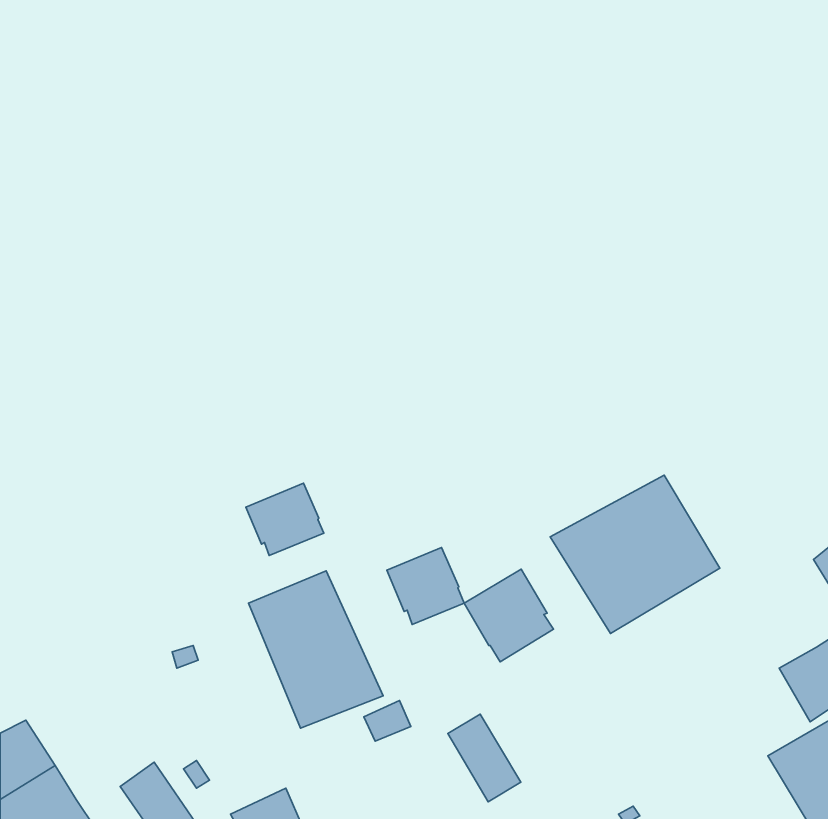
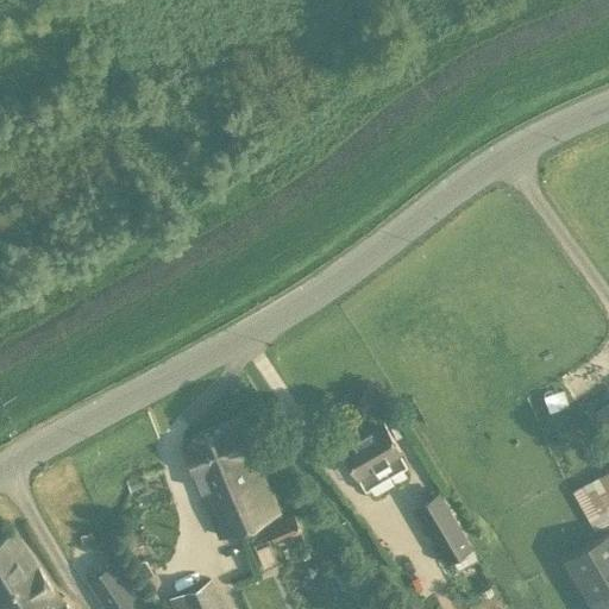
building: [550,475,720,634] -> none
building: [246,483,324,556] -> none
building: [387,547,464,625] -> none
building: [448,714,521,802] -> [419,502,472,566]

